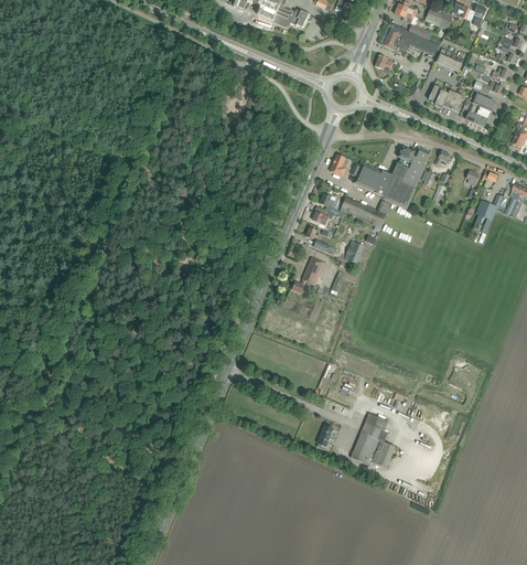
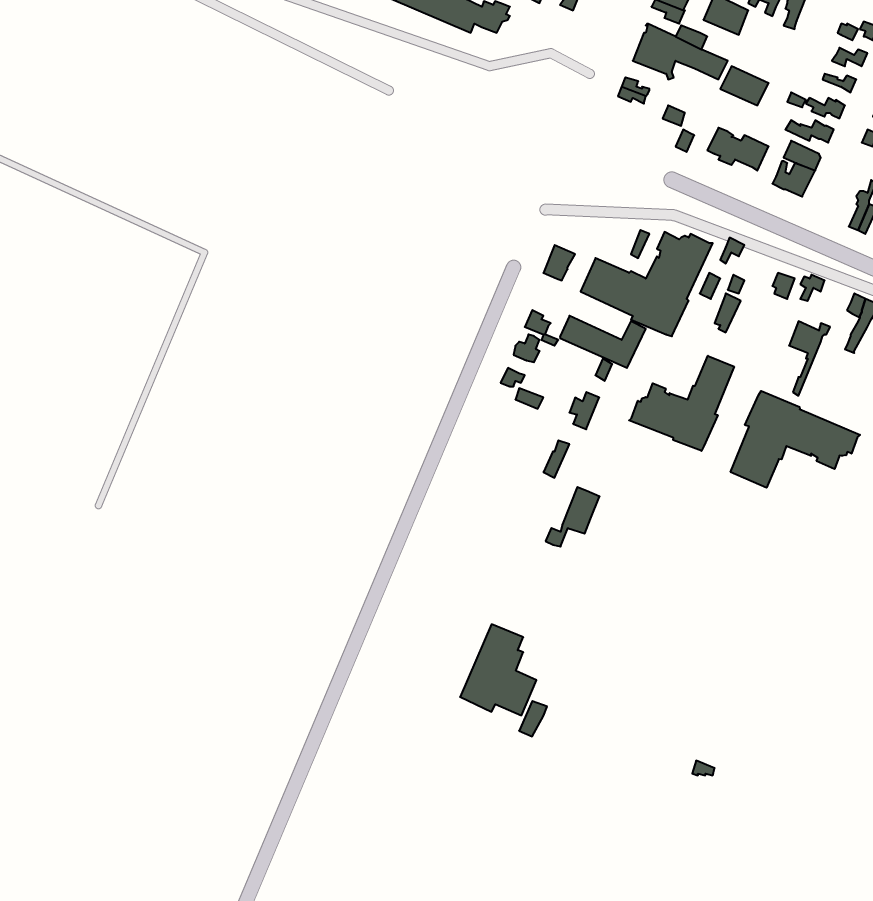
building: none -> [629,356,734,451]
building: none -> [731,391,860,488]
building: [292,256,324,291] -> [546,487,600,547]
building: [351,413,396,467] -> [460,624,536,715]

